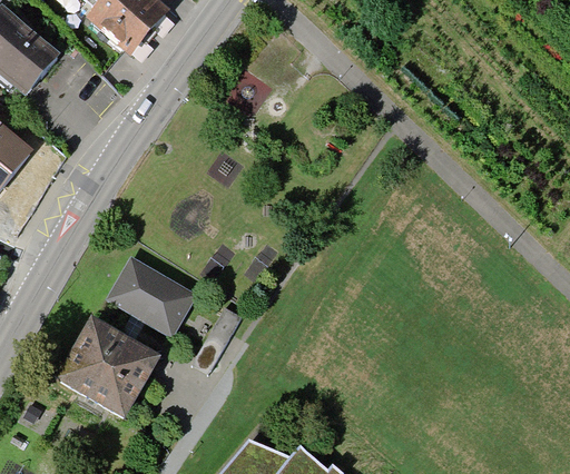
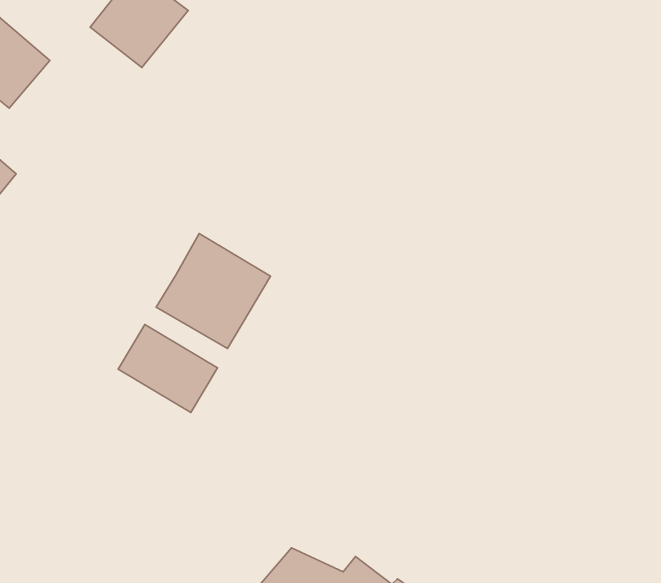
building: none -> [156,234,270,348]
building: [61,323,155,413] -> none

